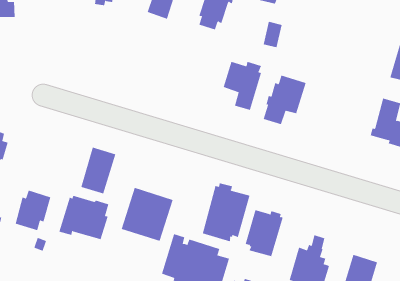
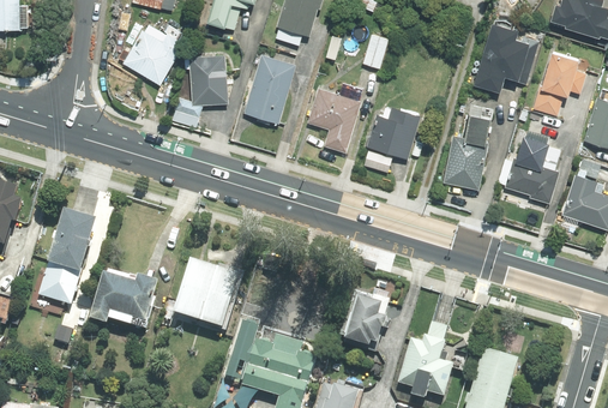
building: none -> [474,22,537,92]
building: none -> [122,23,188,86]
building: none -> [174,54,227,119]
building: none -> [243,55,295,125]
building: none -> [443,92,493,191]
building: [81,147,116,194] -> [47,206,95,270]
building: [202,183,250,242] -> none

